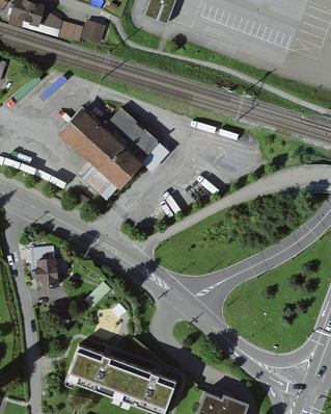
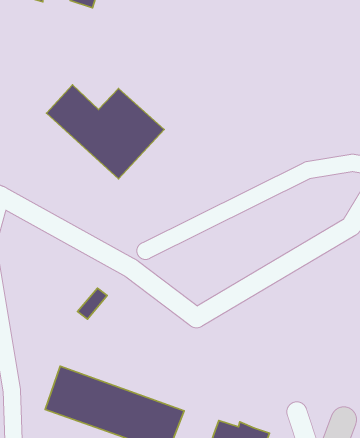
building: [29,245,58,288] -> none

